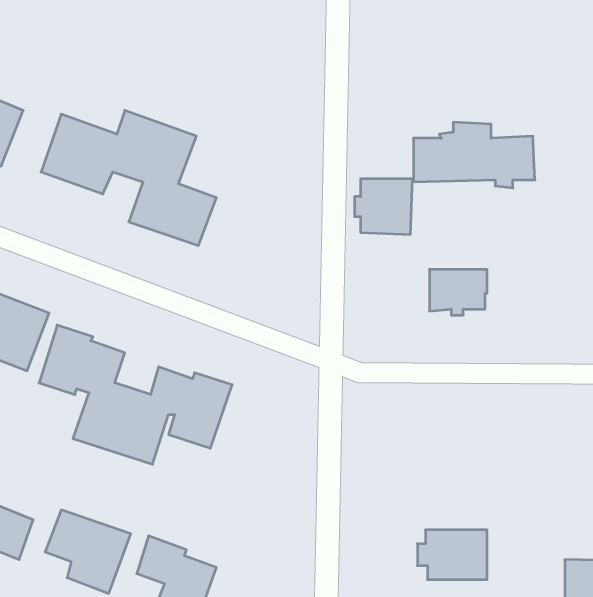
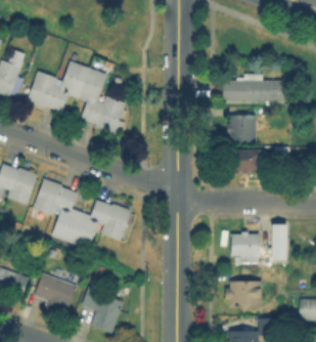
building: [355,179,412,234] -> [228,115,258,143]
building: none -> [269,223,283,258]
building: none -> [230,231,259,255]

